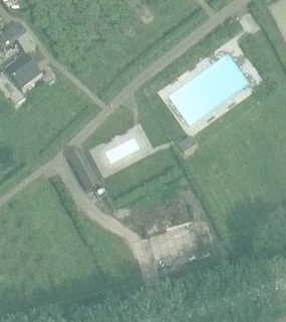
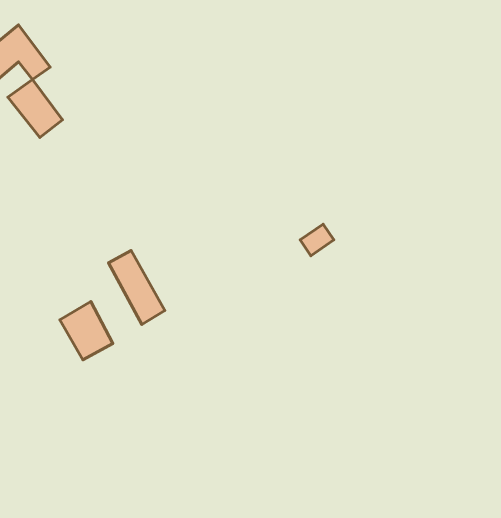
building: none -> [60,302,113,360]

